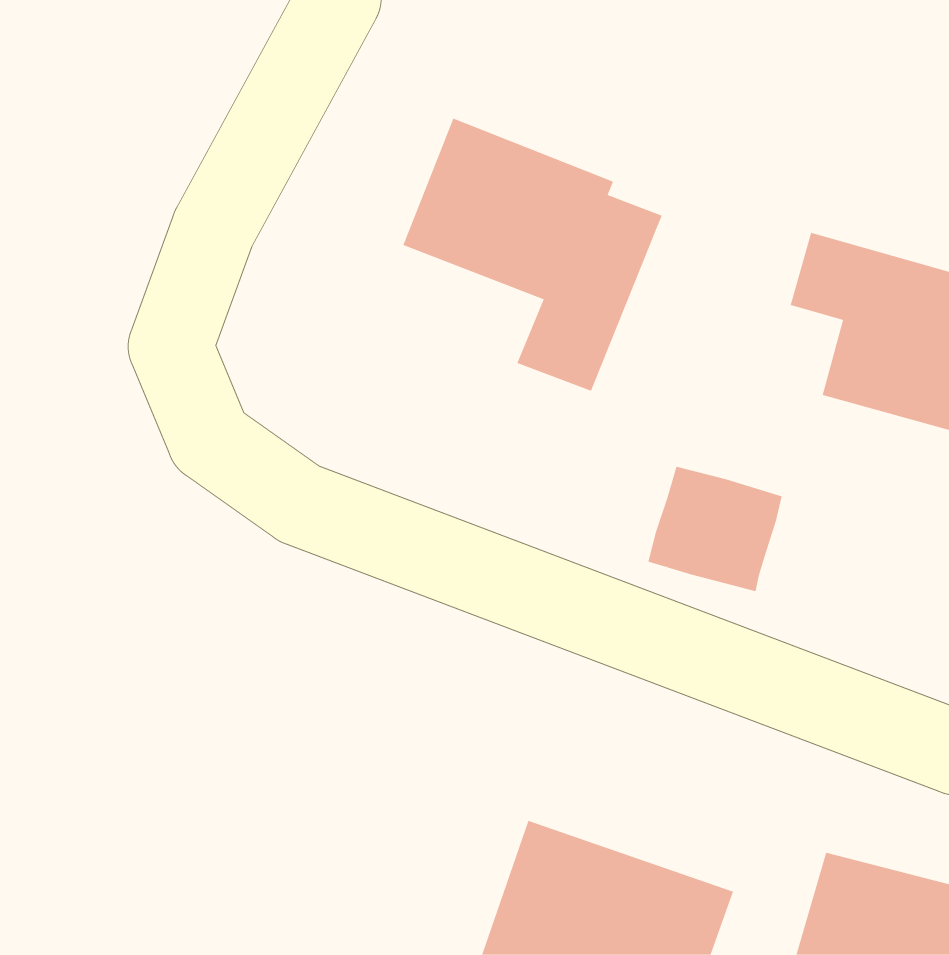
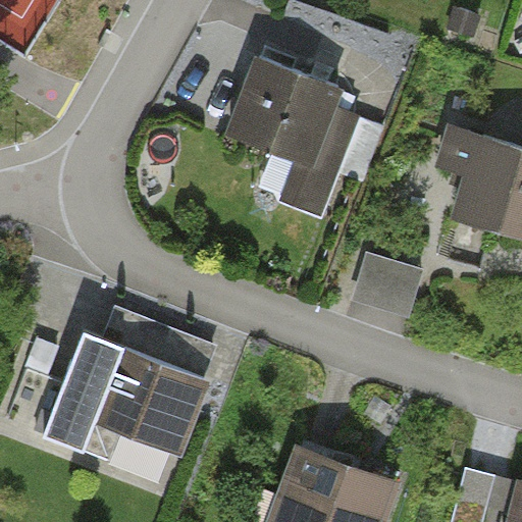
building: none -> [39,319,219,457]

